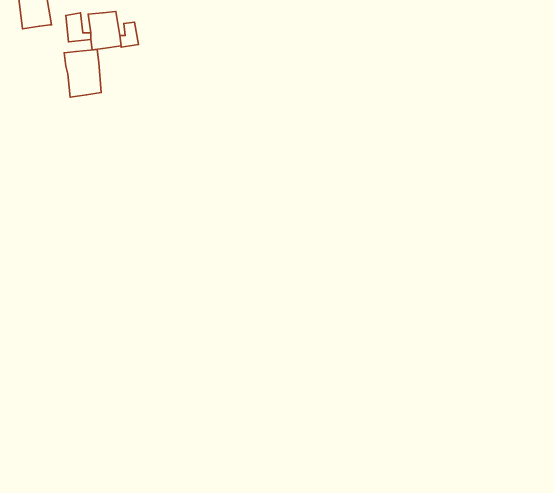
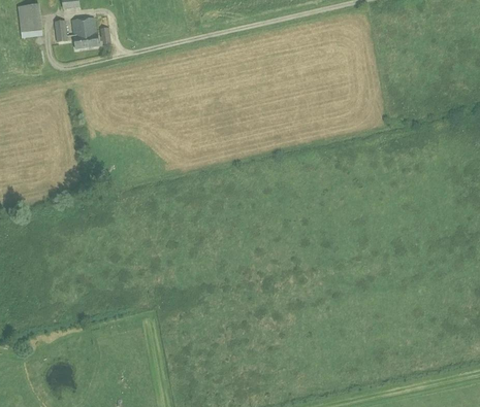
building: [64,49,101,97] -> none

